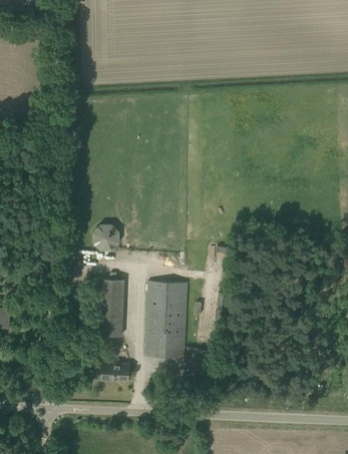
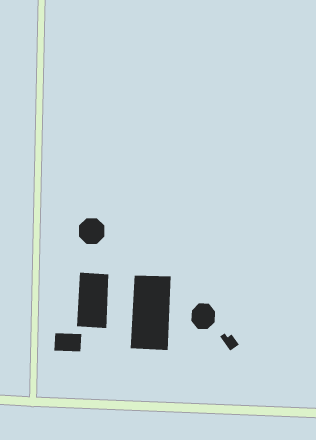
building: none -> [191,303,216,330]
building: [100,363,129,382] -> [54,333,82,352]

